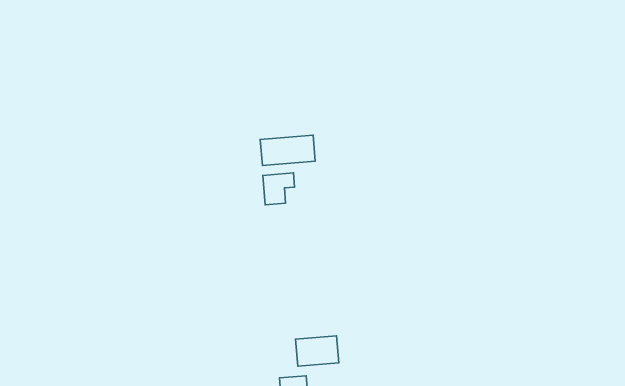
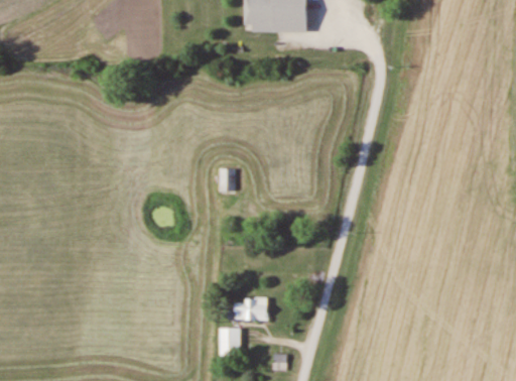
building: [260,135,315,166] -> none

